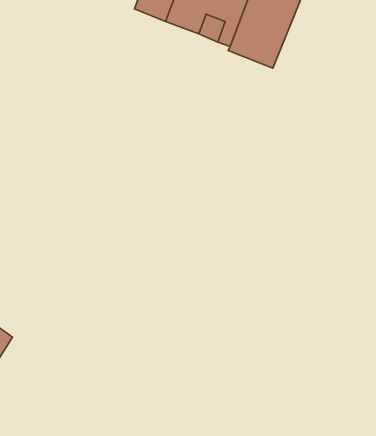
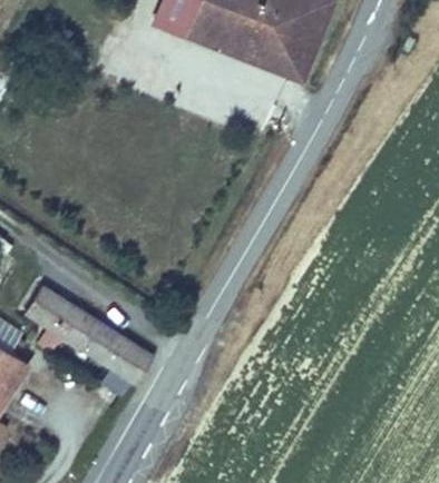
building: none -> [25,286,152,381]

